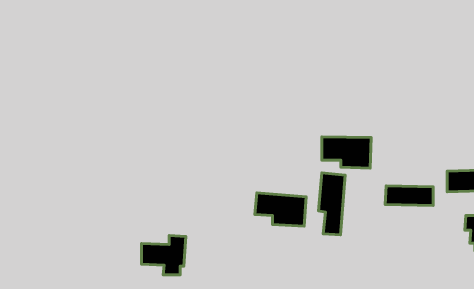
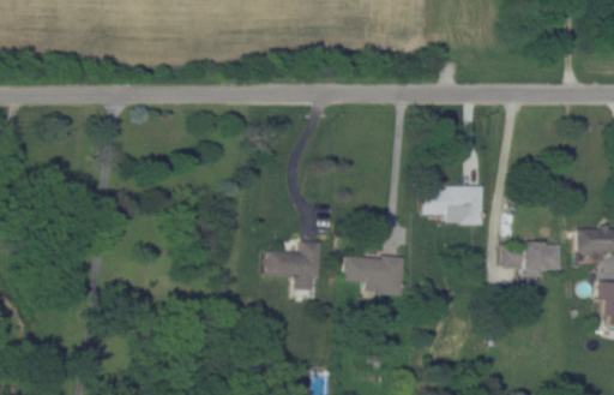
building: [318,173,345,235] -> none
building: [142,236,186,275] -> [266,241,320,289]

